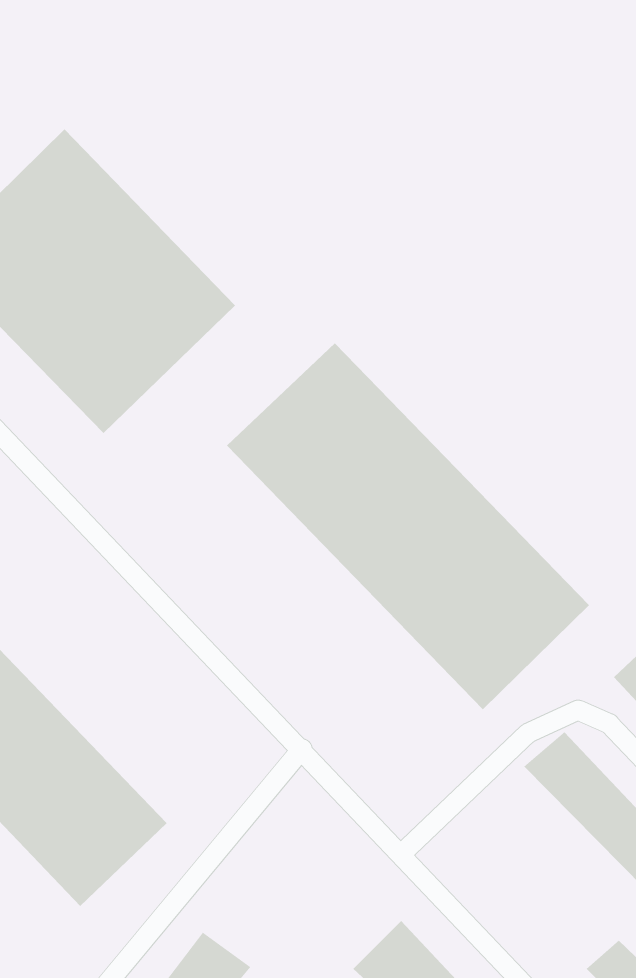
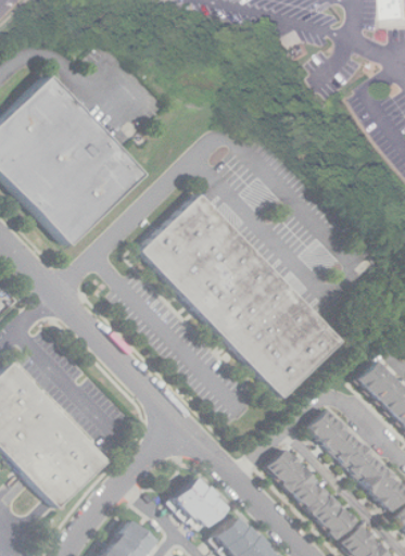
building: none -> [267,448,356,541]
building: none -> [172,477,228,532]

